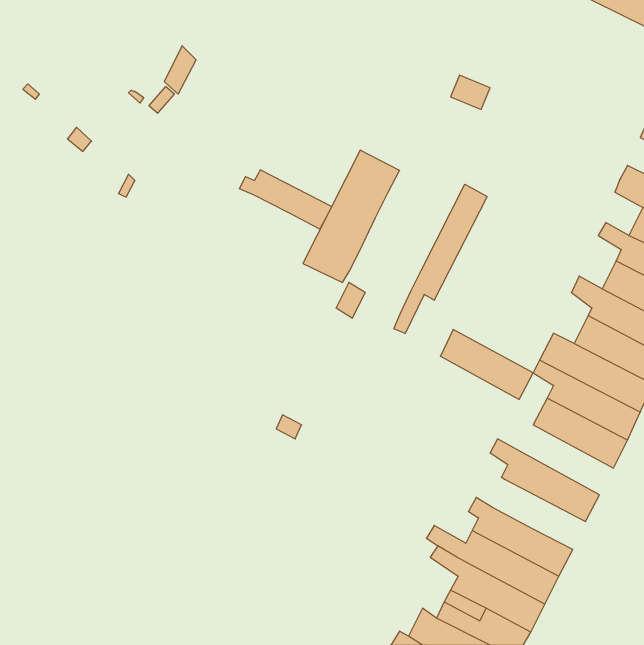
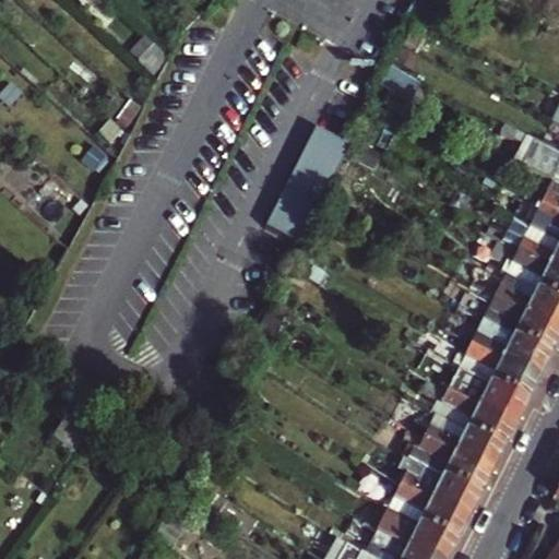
building: [239,170,332,229] -> none
building: [394,184,487,334] -> none
building: [440,329,533,399] -> [452,365,532,425]
building: none -> [428,412,508,472]

